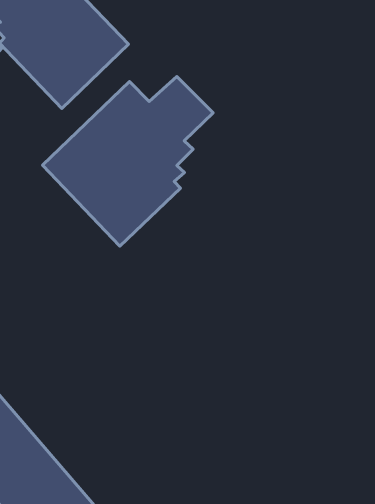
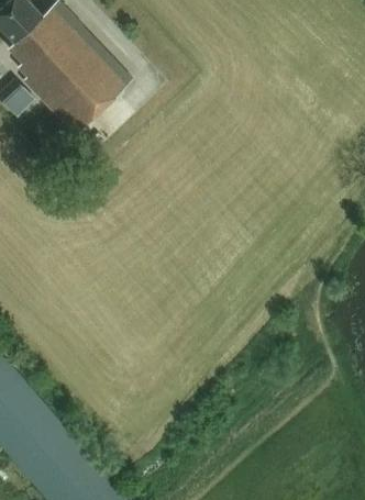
building: [43,76,213,246] -> none

